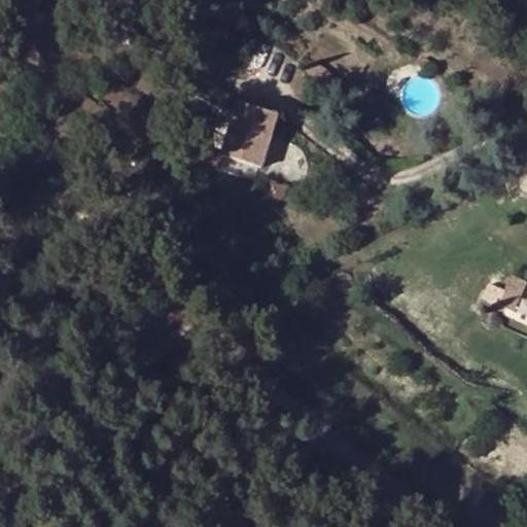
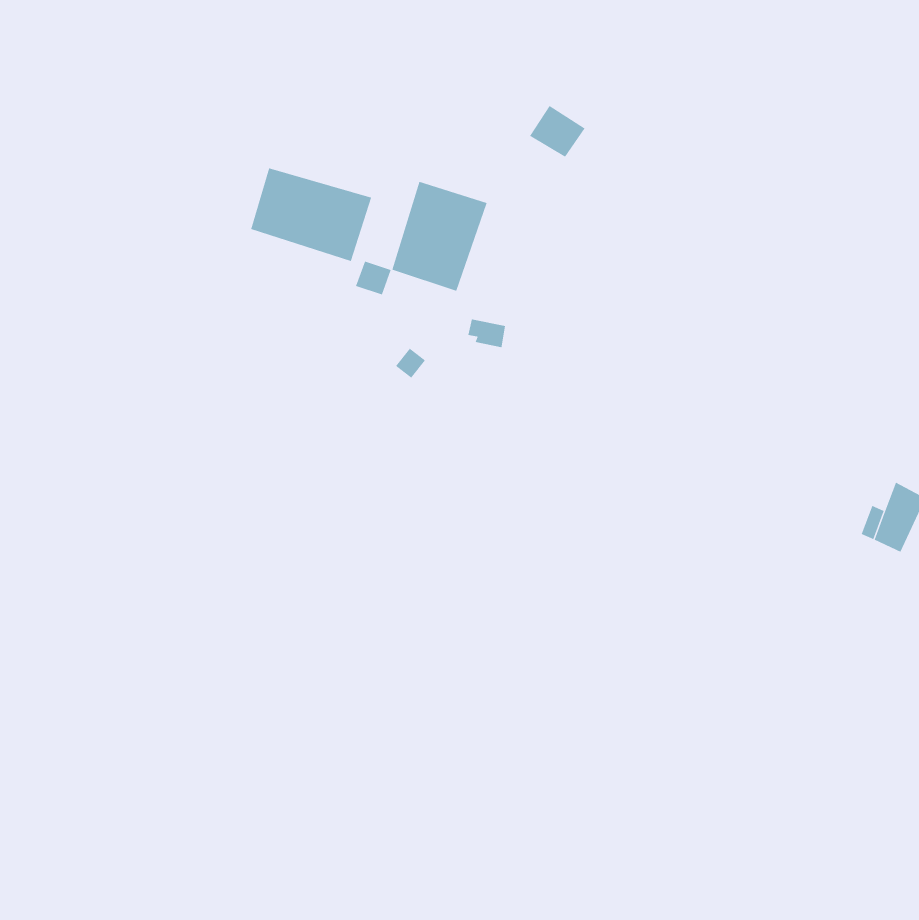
building: none -> [251,167,372,262]

